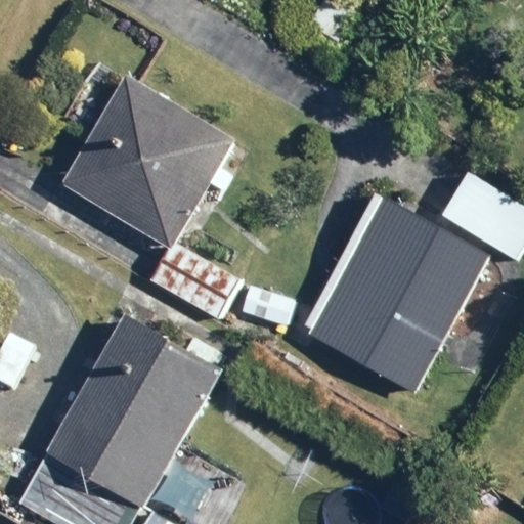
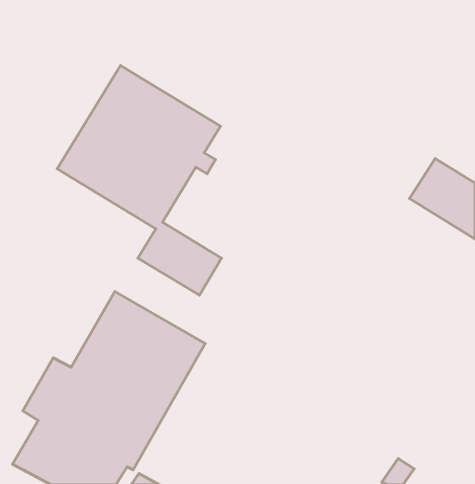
building: [300,190,492,394] -> none

